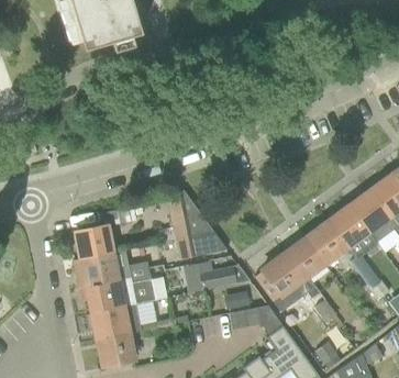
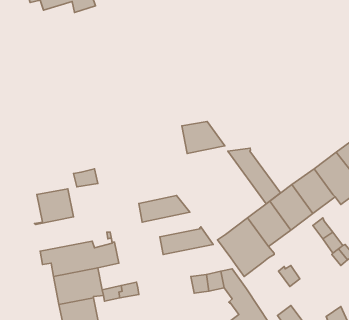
building: none -> [228,148,281,204]
building: [173,207,215,238] -> [182,121,225,154]
building: [76,249,132,286] -> none

